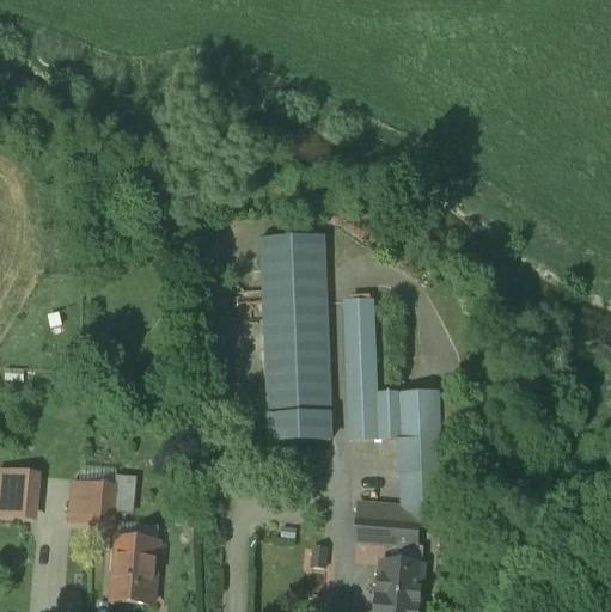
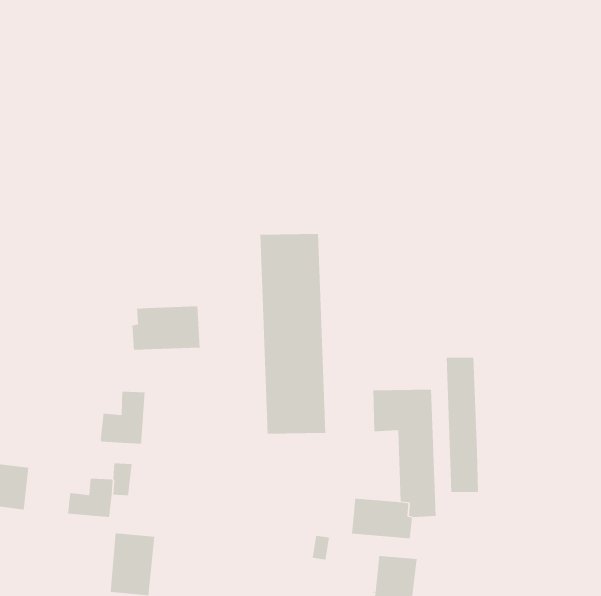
building: [344,299,378,435] -> [446,357,479,493]
building: none -> [132,306,200,351]
building: none -> [100,391,145,444]

